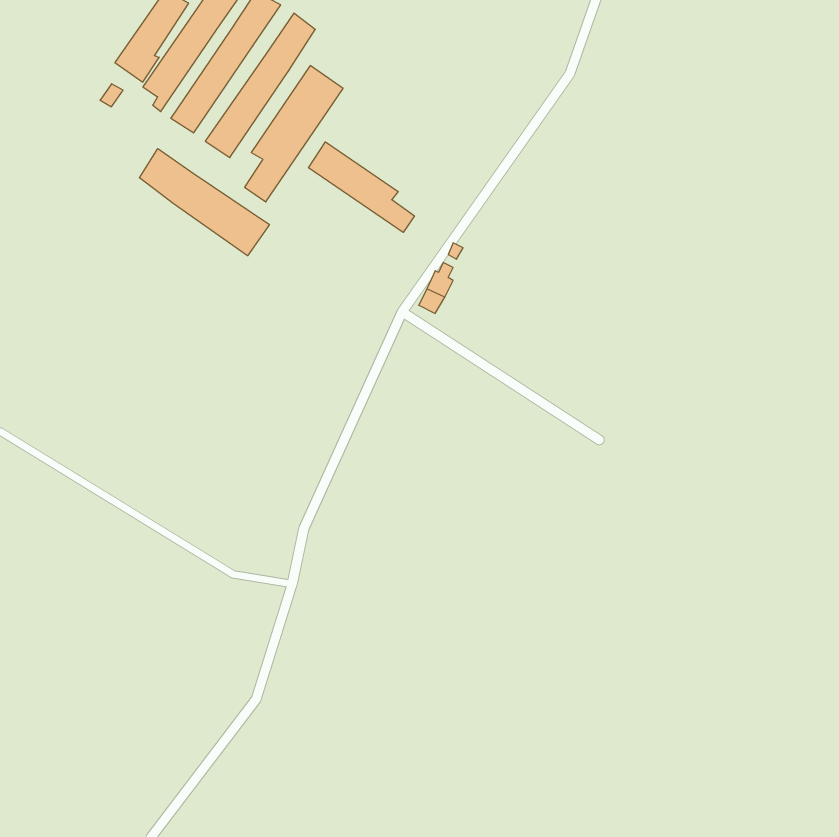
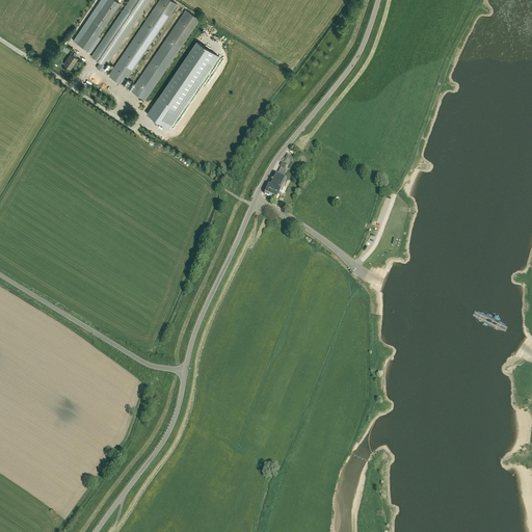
building: [308,142,414,232] -> none
building: [139,149,269,256] -> none

